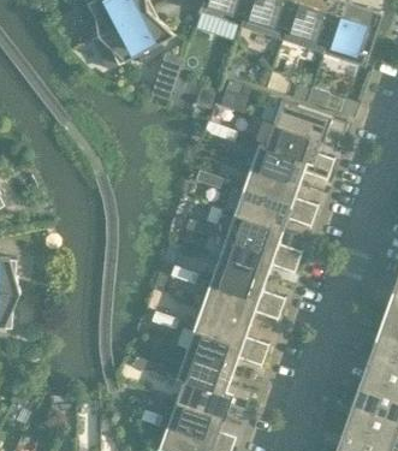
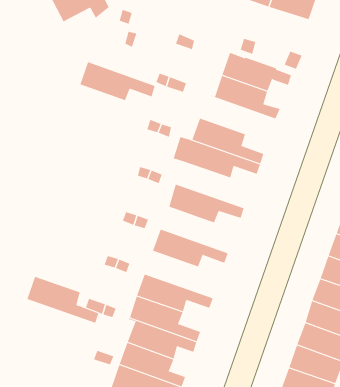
building: [250,144,329,185] -> [79,61,156,101]
building: [225,214,301,262] -> none
building: [209,261,285,309] -> none
building: [192,307,268,356] -> [26,276,99,323]

